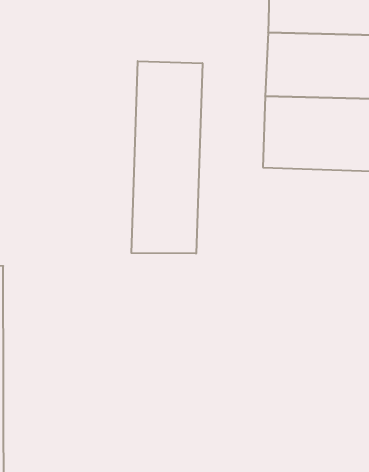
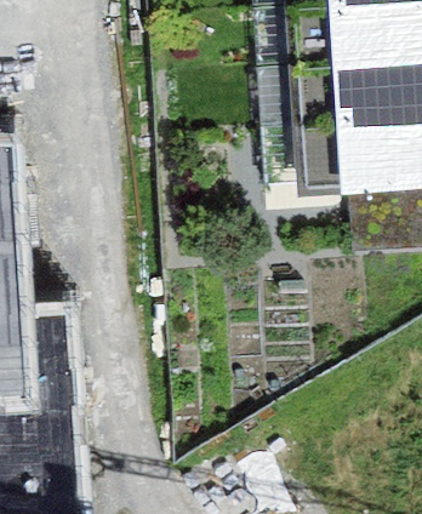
building: [131,61,202,254] -> none

